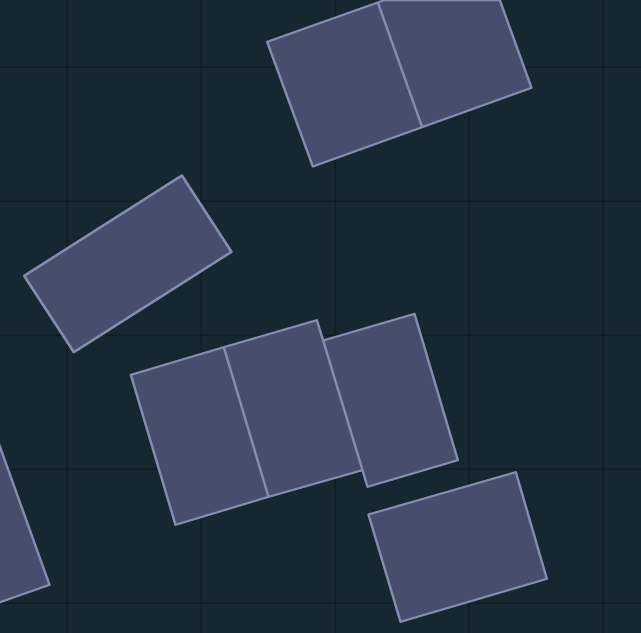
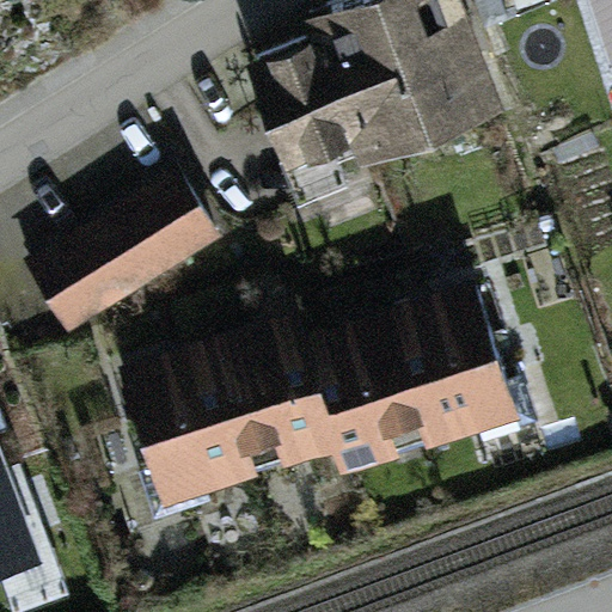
building: none -> [390,286,518,448]
building: [369,472,547,622] -> none

